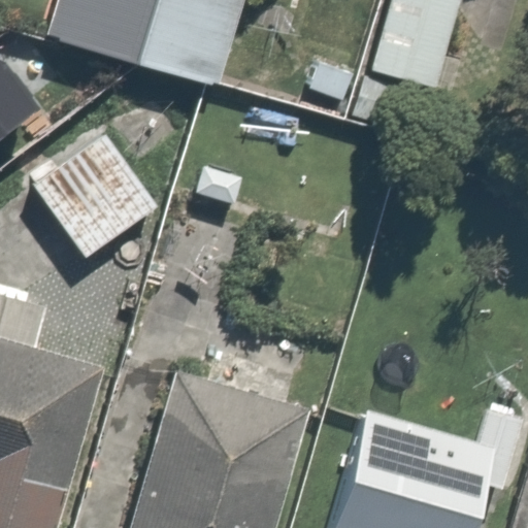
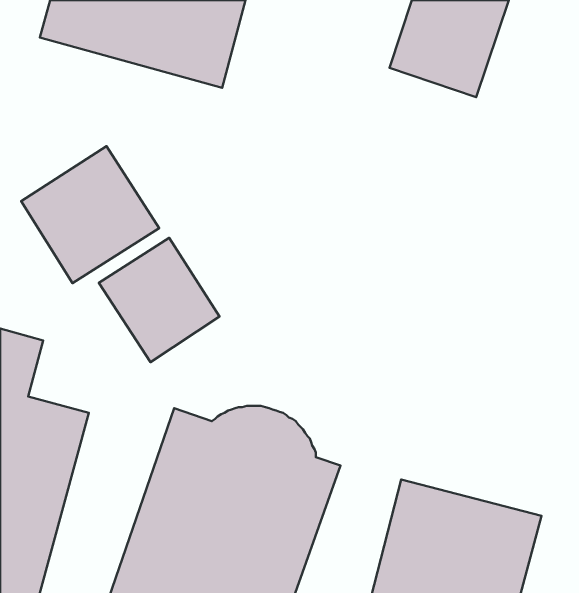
building: none -> [99,238,220,362]

